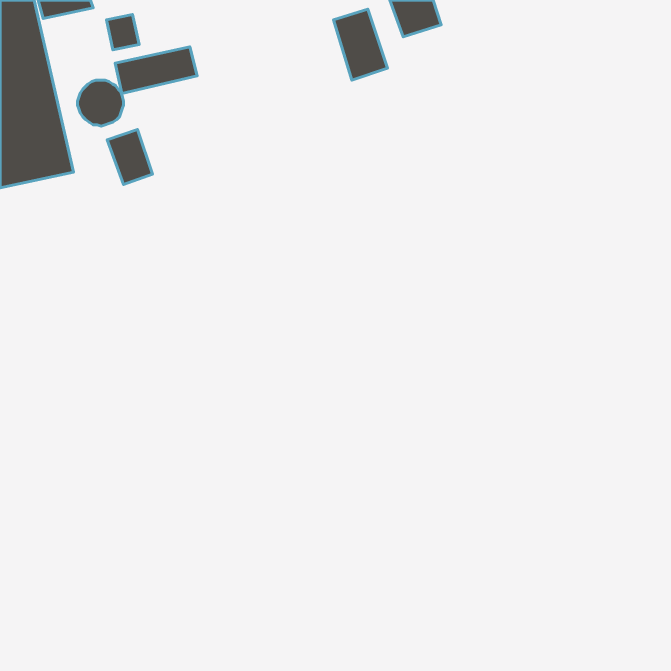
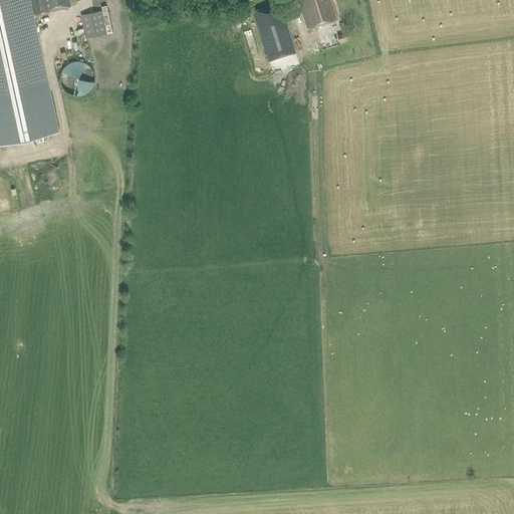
building: [115,47,197,94] -> none
building: [107,130,153,185] -> none

